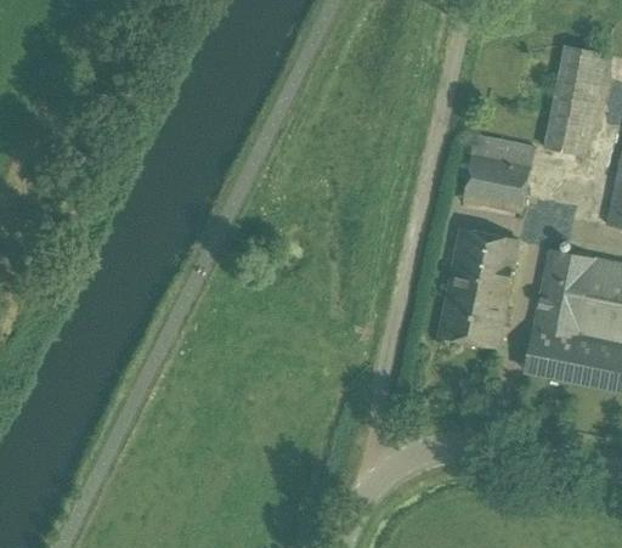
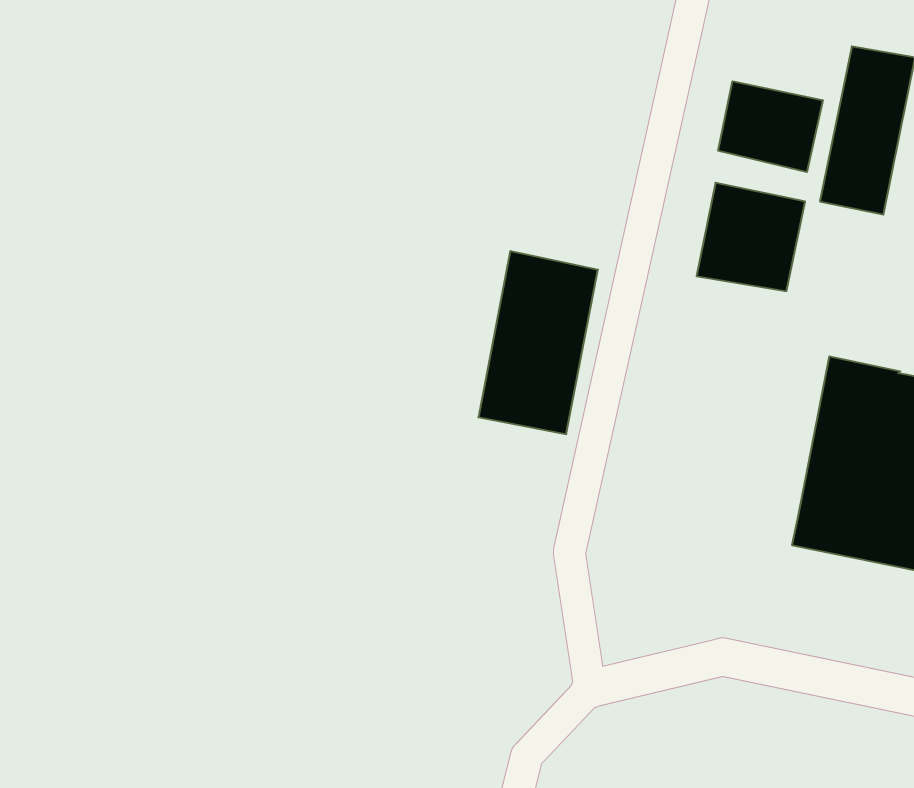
building: none -> [718,81,823,172]
building: [441,228,519,348] -> [478,251,598,434]

